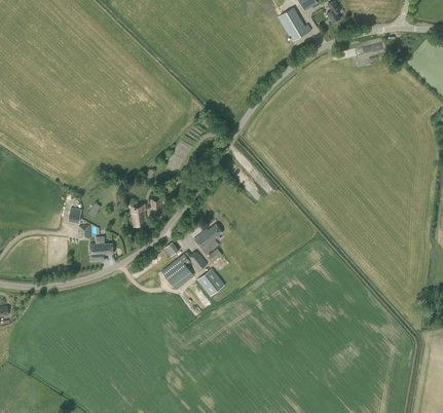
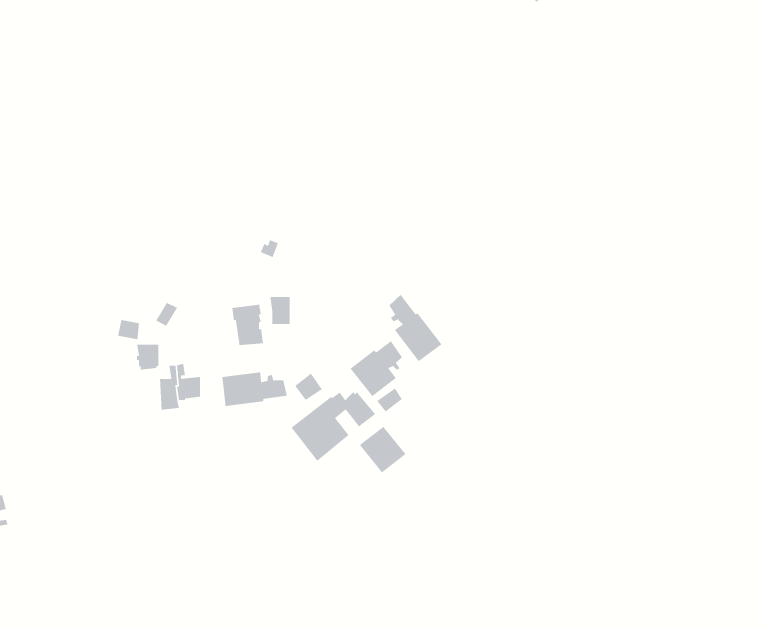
building: none -> [388,294,443,362]
building: none -> [222,371,288,407]

